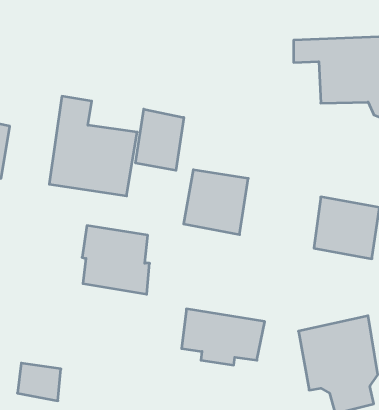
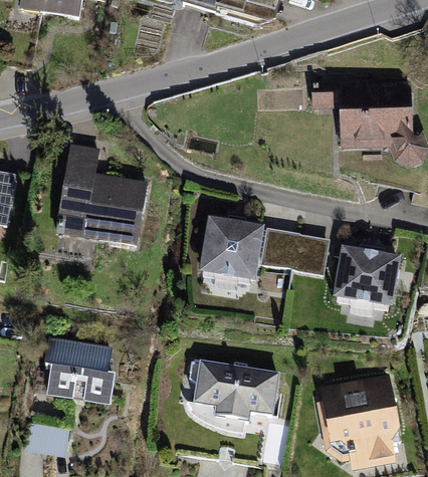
building: [136,109,184,170] -> none
building: none -> [261,226,328,275]
building: [82,226,150,294] -> [44,336,115,408]

